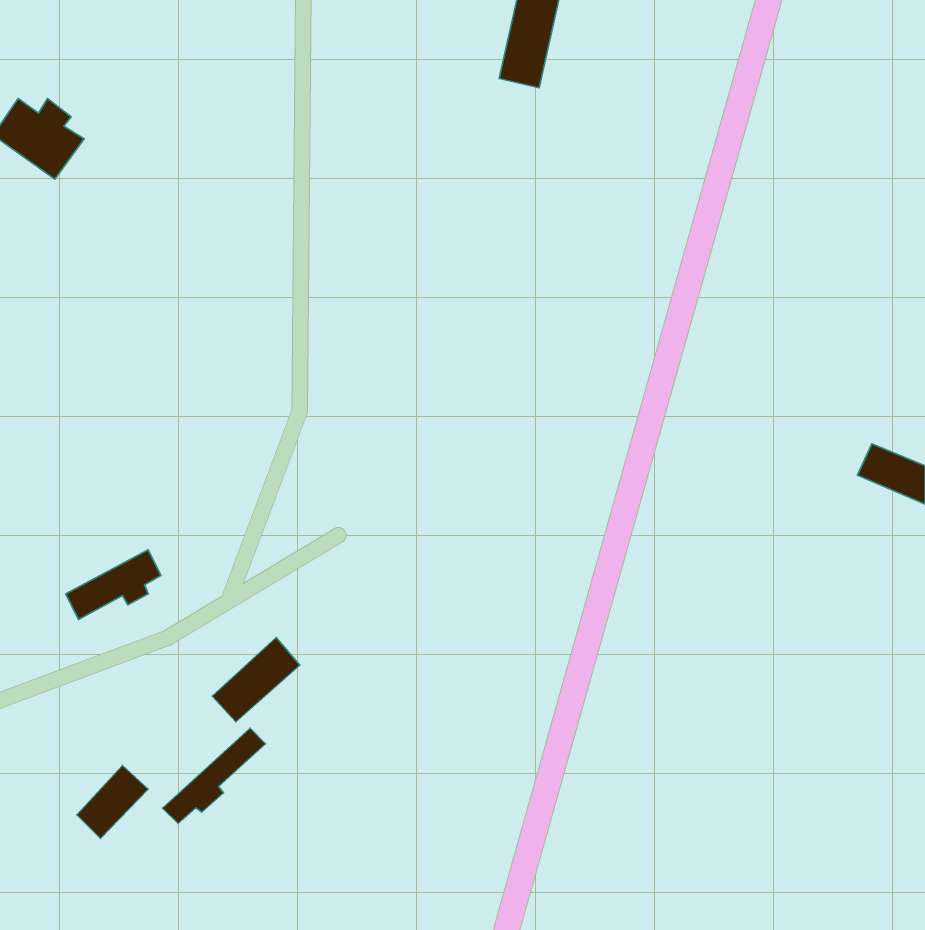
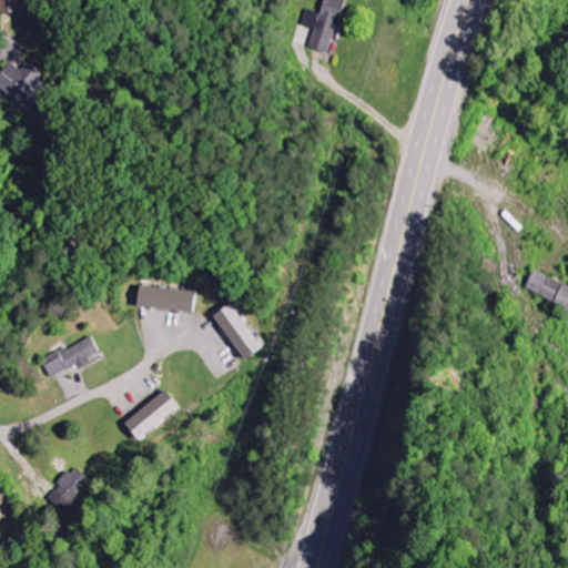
building: none -> [139,286,197,308]
building: none -> [214,302,265,358]
building: [163,728,266,824] -> none

